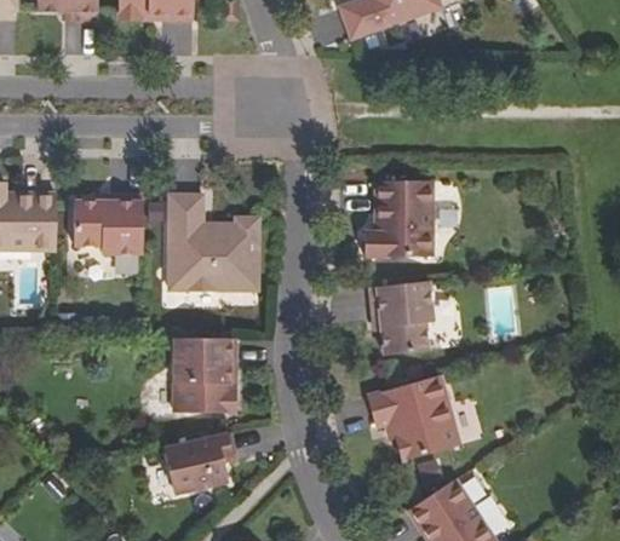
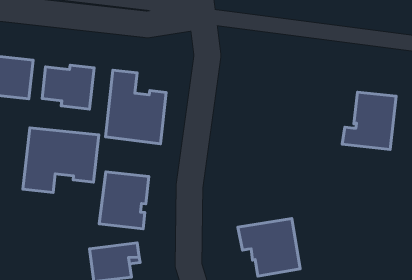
building: [363,180,431,255] -> [342,92,396,149]
building: [369,281,432,353] -> none
building: none -> [23,128,99,193]

